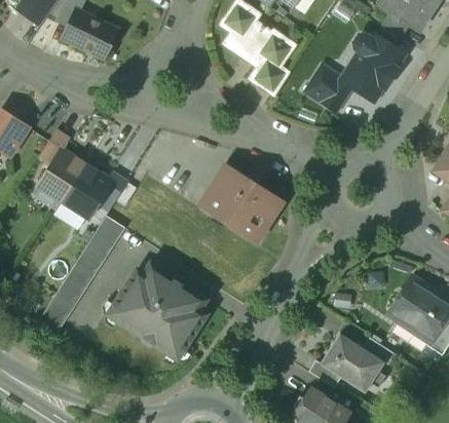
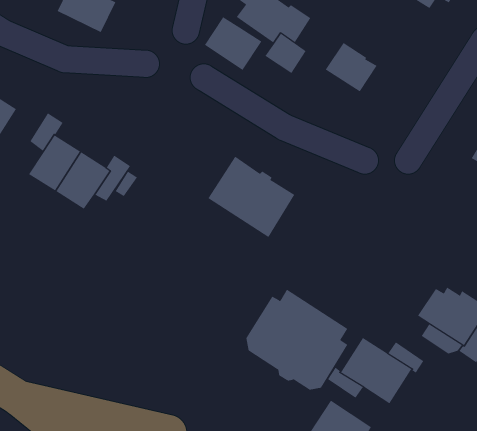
building: [342,34,403,101] -> none
building: none -> [204,16,262,71]
building: [37,215,125,334] -> none
building: [113,263,205,354] -> [245,289,348,390]

